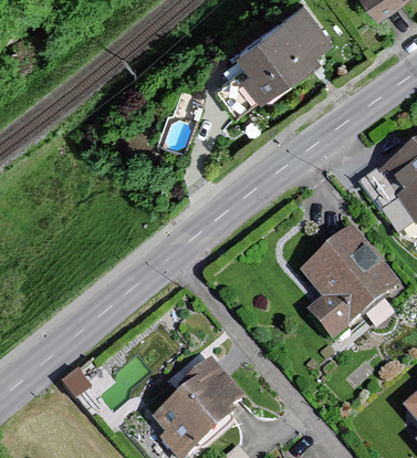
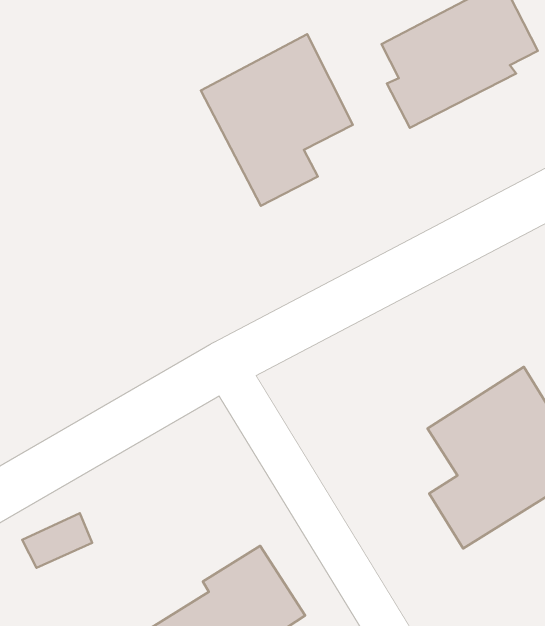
building: none -> [201,34,353,206]

